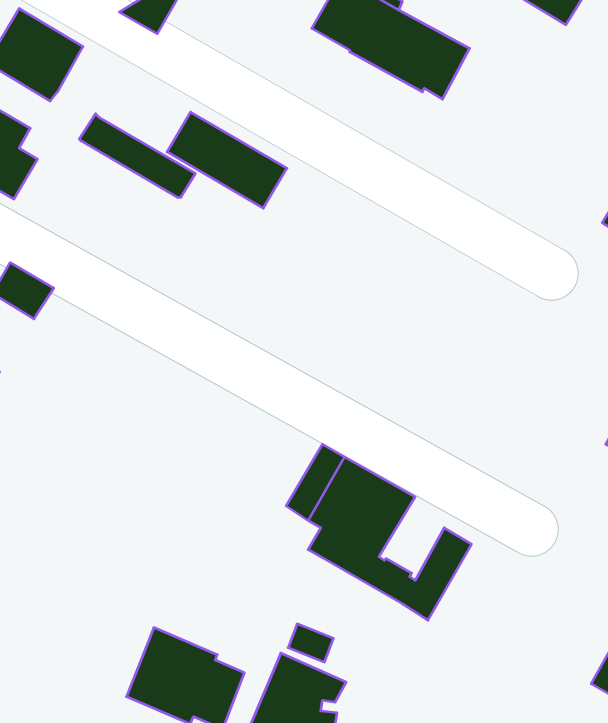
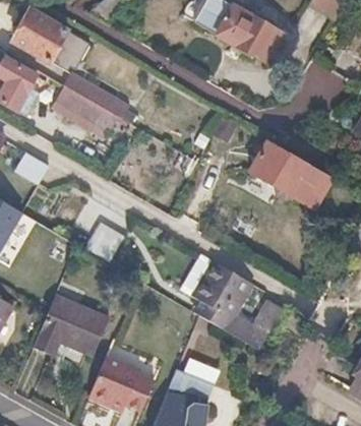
building: none -> [52,31,91,70]
building: [167,112,287,208] -> [52,83,119,137]
building: none -> [249,139,328,206]
building: none -> [85,224,124,263]
building: none -> [33,294,108,356]

